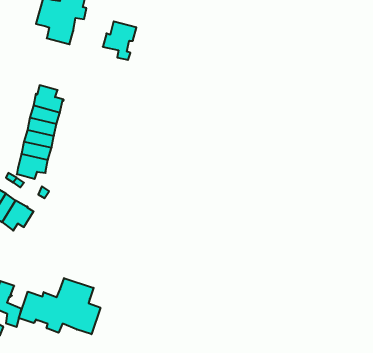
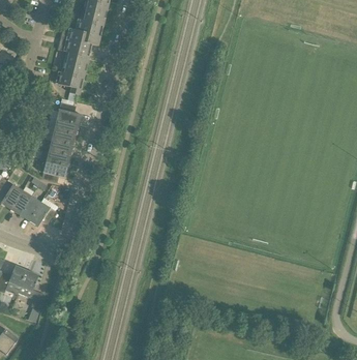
building: [103,21,136,60] -> [57,61,86,94]
building: [19,278,100,334] -> none

